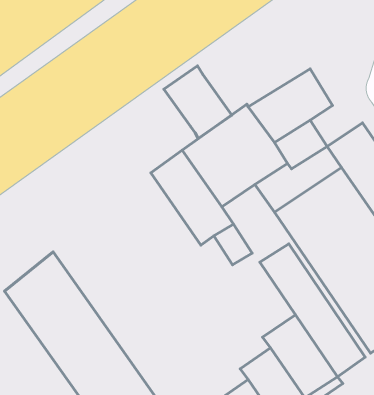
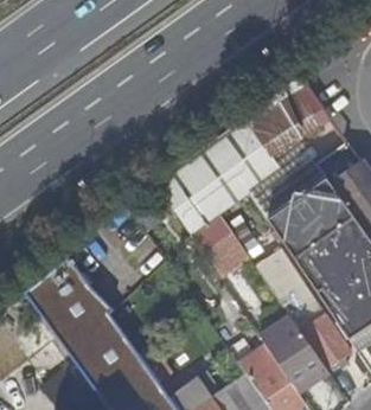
building: [164,66,232,138] -> none

